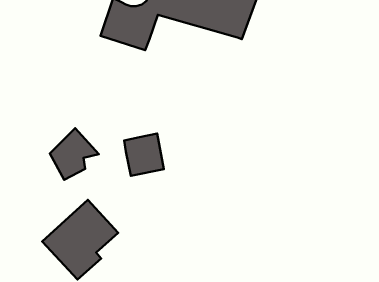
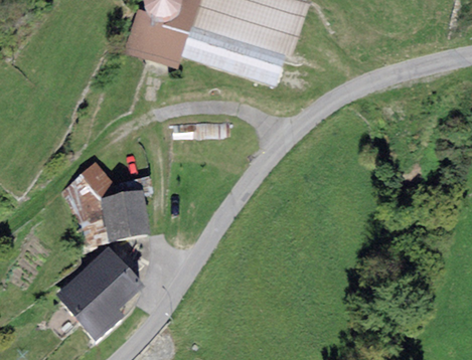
building: none -> [181,26,286,85]
building: [124,134,164,176] -> [103,188,150,238]

